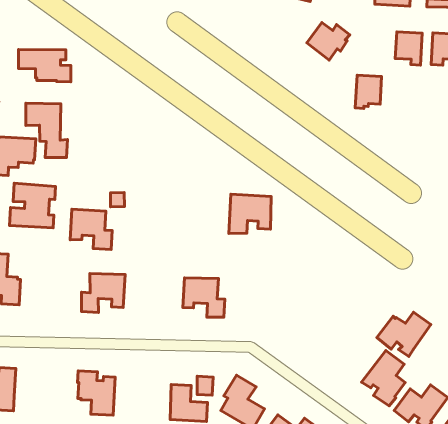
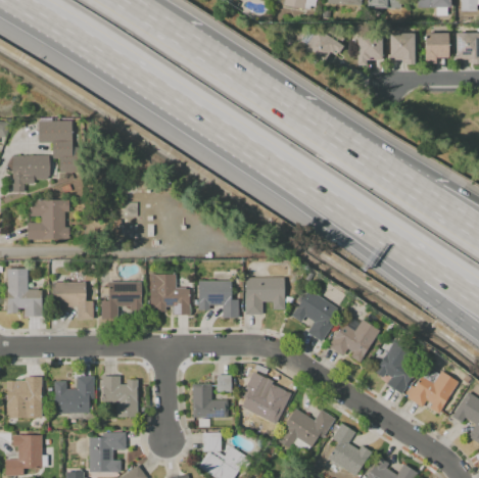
building: [18,50,71,82] -> none
building: [355,75,382,108] -> [357,34,381,65]
building: [229,194,271,233] -> [245,277,285,315]
building: [70,209,112,250] -> [54,282,94,319]
building: none -> [151,274,191,315]
building: none -> [292,289,338,341]
building: [377,312,431,356] -> [329,319,380,362]
building: none -> [54,377,94,414]

